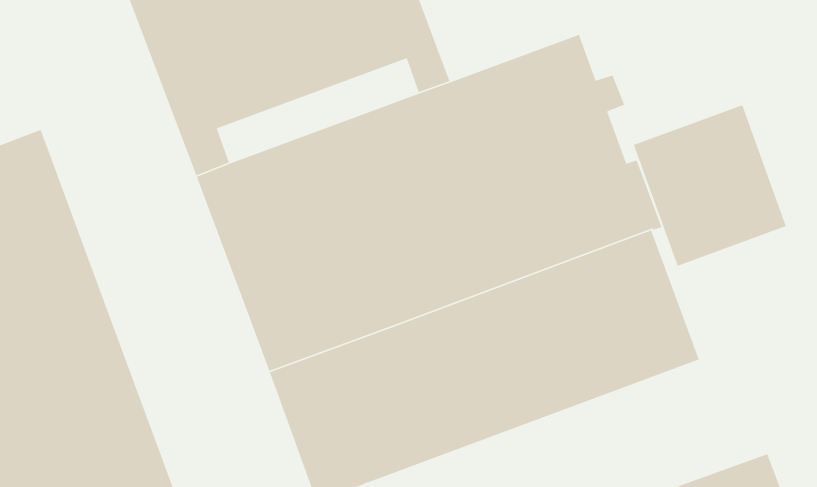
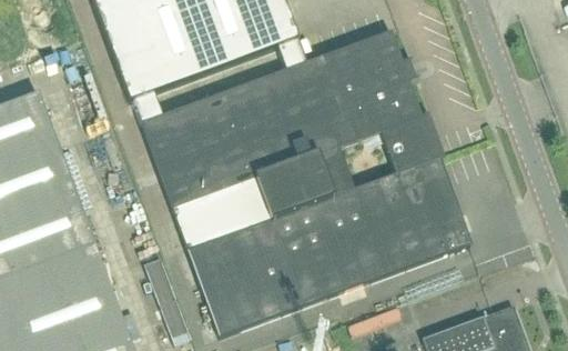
building: [633,104,787,267] -> none

